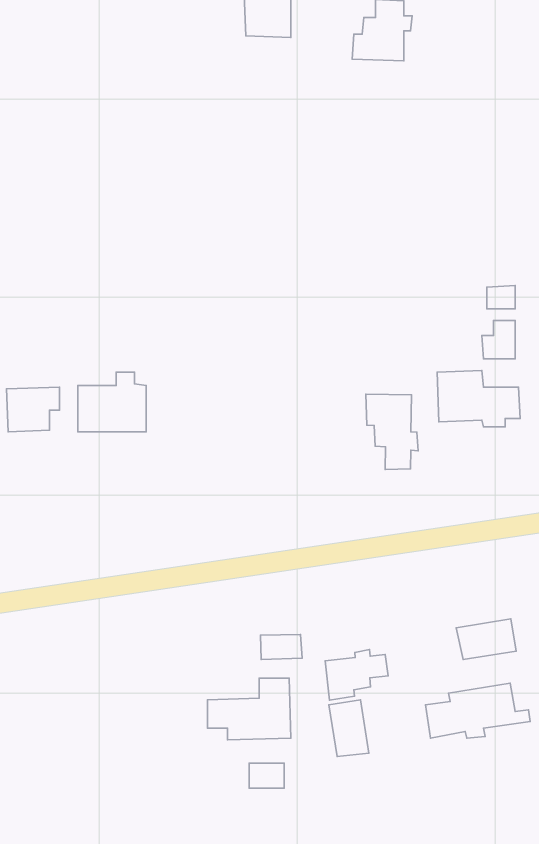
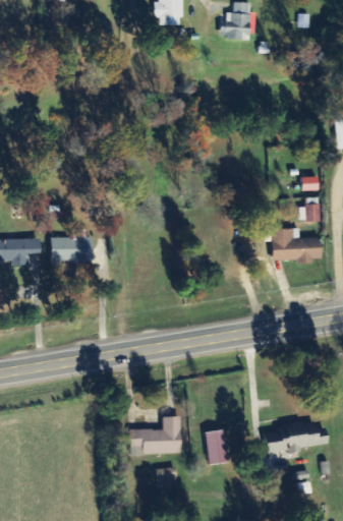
building: [366,394,418,469] -> none
building: [456,619,516,660] -> none
building: [261,634,302,659] -> none
building: [325,650,388,700] -> none

